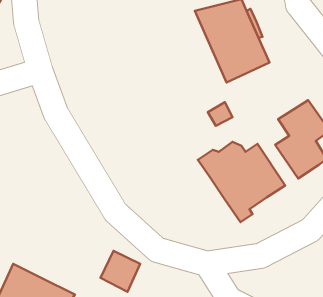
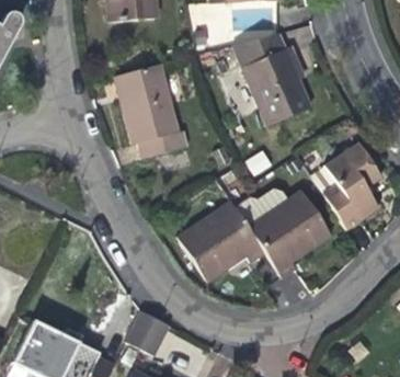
building: none -> [113,65,186,158]
building: none -> [176,202,265,282]

